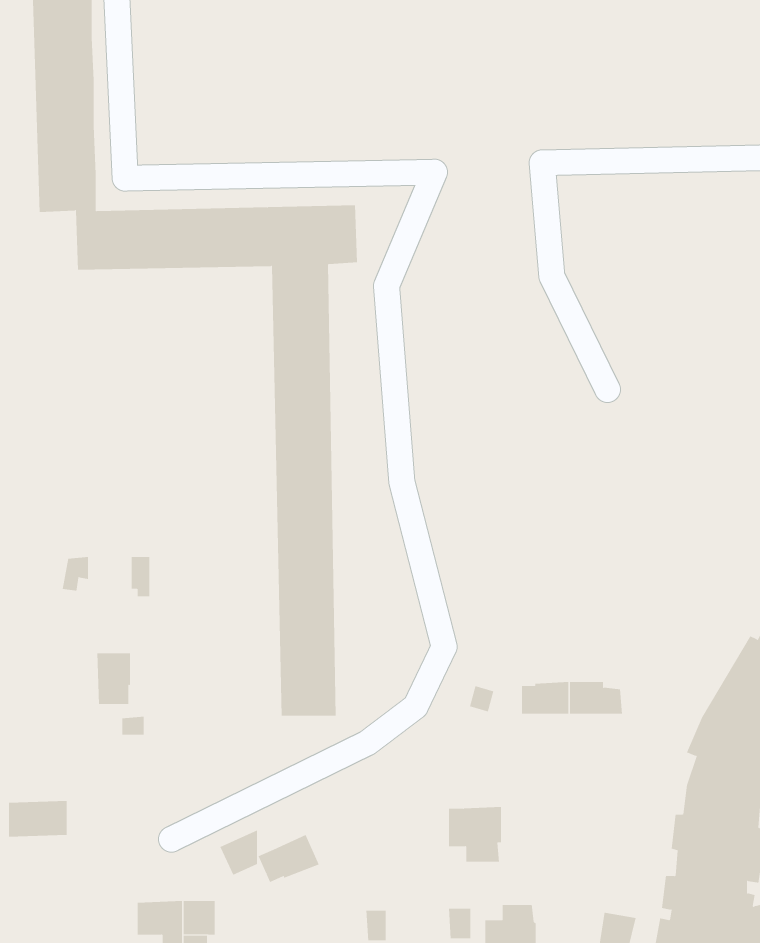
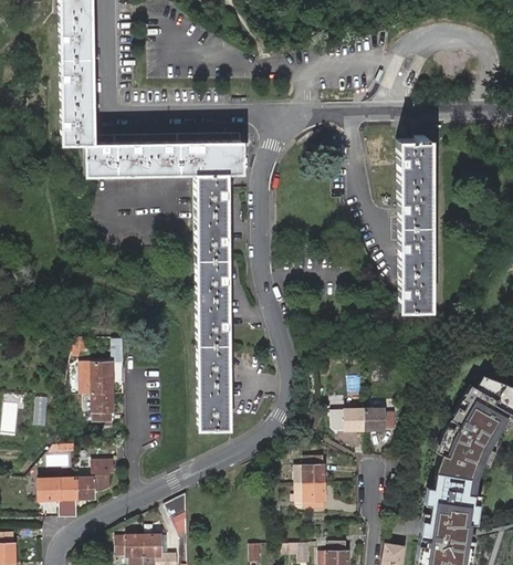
building: none -> [401,140,436,314]
building: none -> [82,366,115,397]
building: none -> [297,453,328,485]
building: none -> [78,465,116,501]
building: [258,834,320,883] -> none

